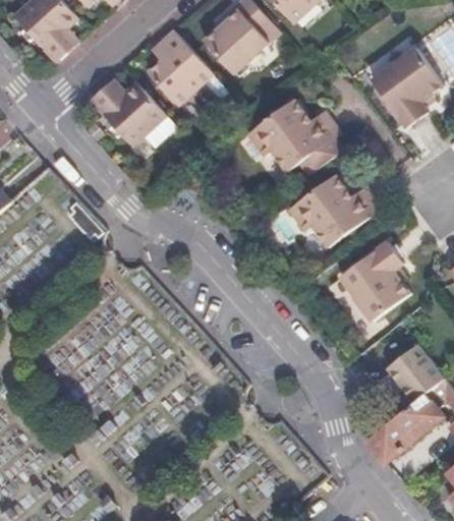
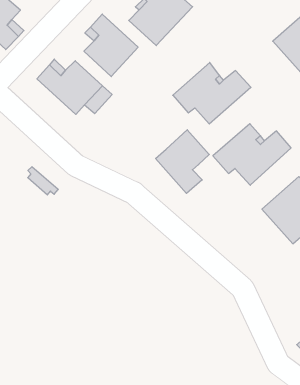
building: none -> [156,130,209,193]

